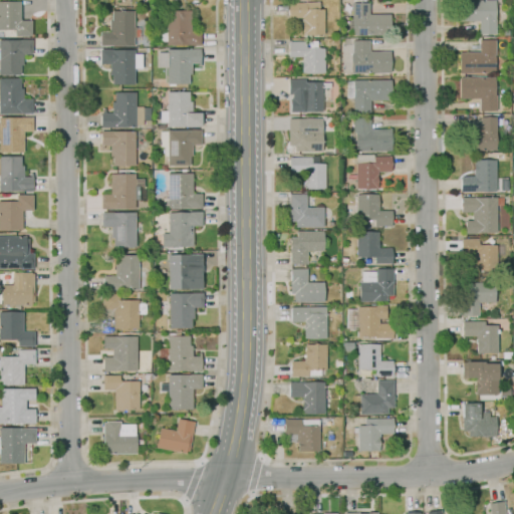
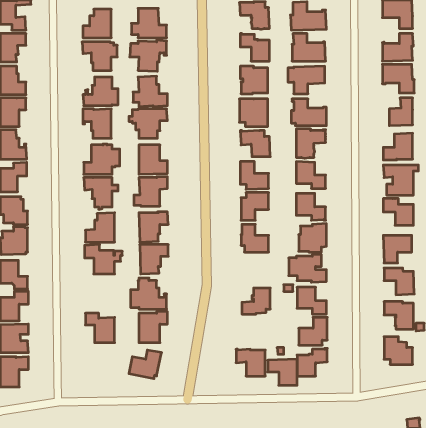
building: [292,307,327,339] -> none
building: [103,336,138,371] -> none
building: [290,381,325,413] -> [268,359,297,385]
building: [103,422,138,455] -> none

